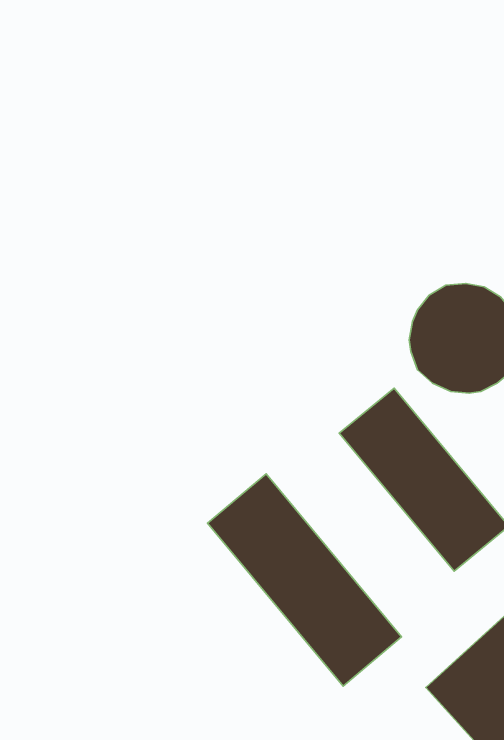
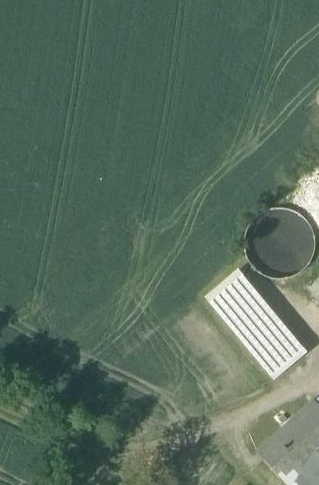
building: [208,474,402,686] -> none

